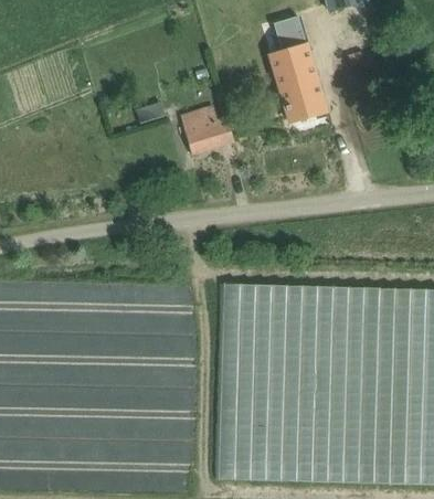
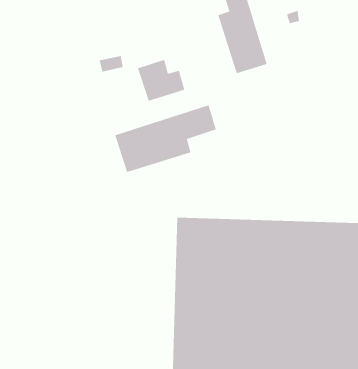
building: none -> [115,105,216,173]

